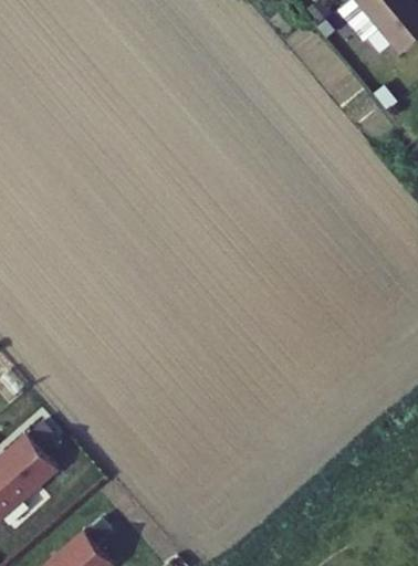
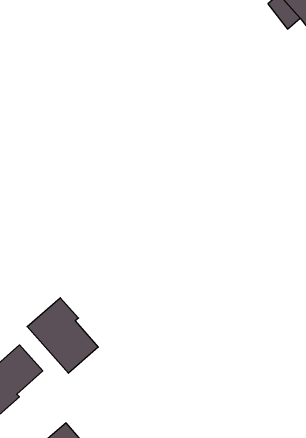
building: none -> [27,298,98,373]

